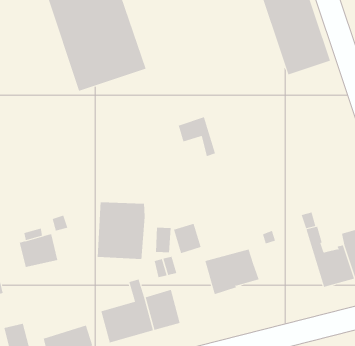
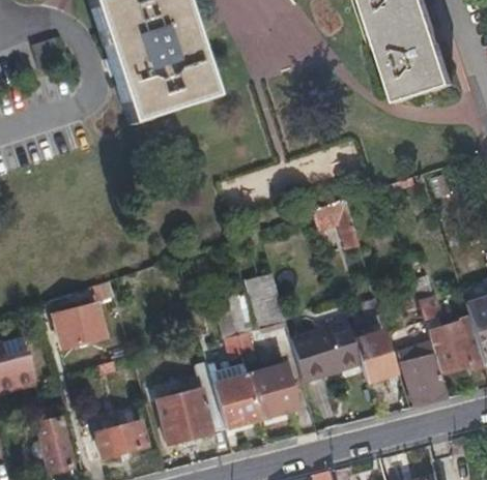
building: [178,116,216,157] -> [312,198,361,249]
building: [97,202,145,260] -> none
building: none -> [353,327,395,385]
building: none -> [399,346,450,408]
building: none -> [248,365,299,419]

